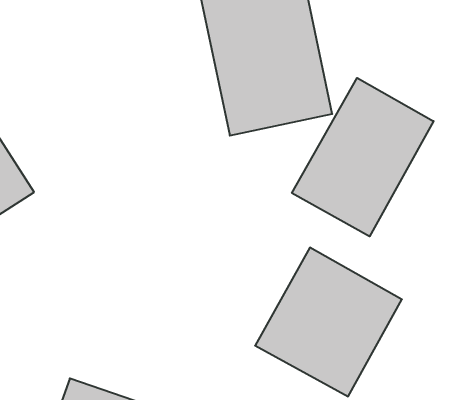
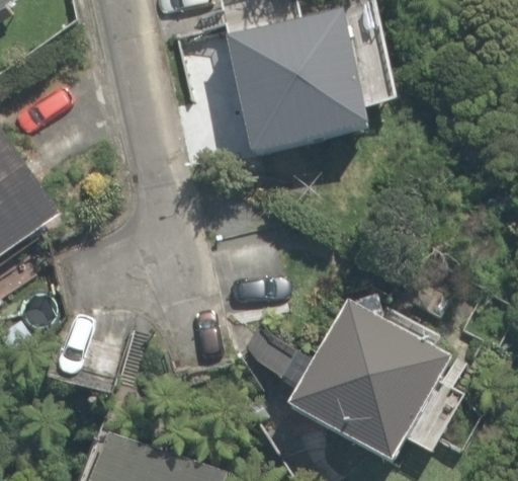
building: [292,78,434,236] -> none

